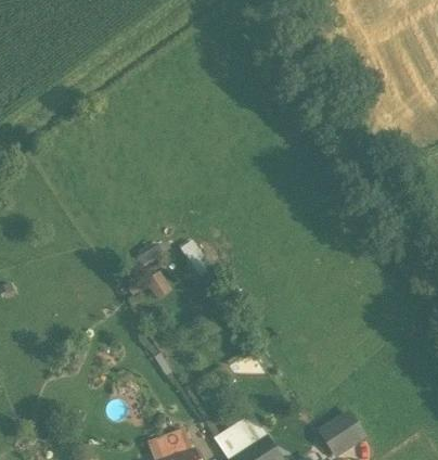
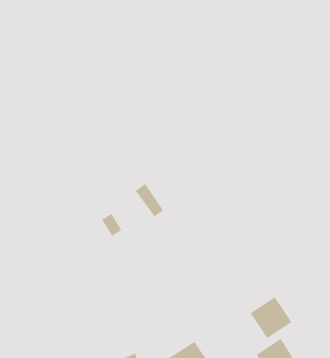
building: none -> [250,296,292,339]

